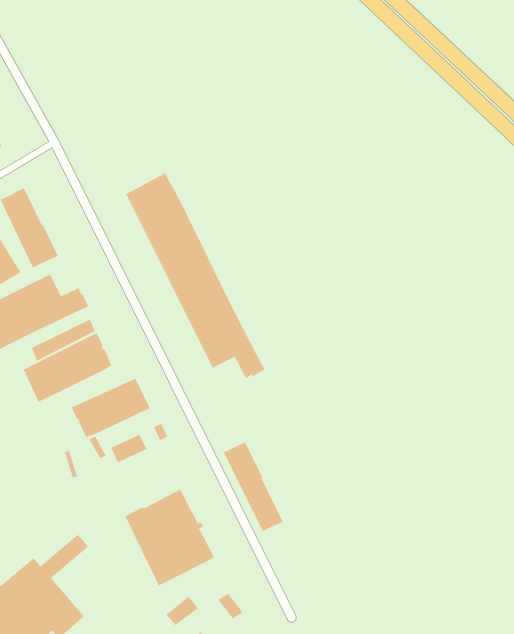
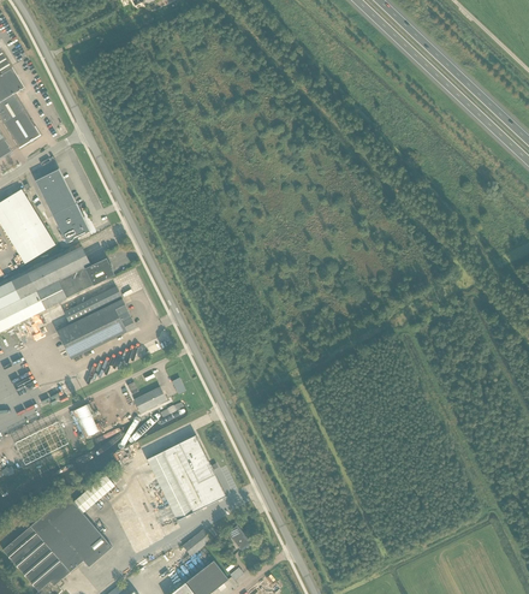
building: [125,172,265,379] -> none
building: [71,378,150,438] -> none
building: [223,441,284,532] -> none

